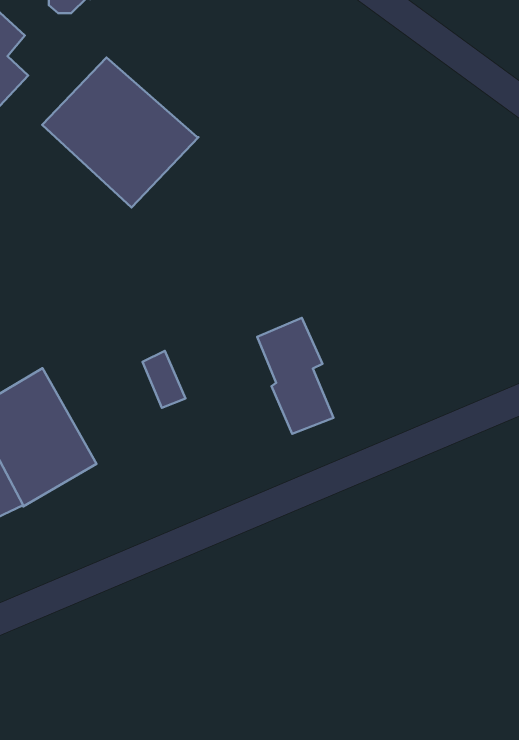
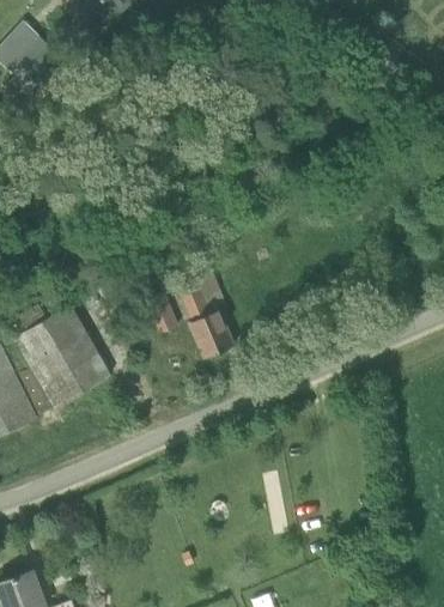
building: [42,58,199,208] -> none
building: [257,318,334,434] -> [178,271,236,358]

